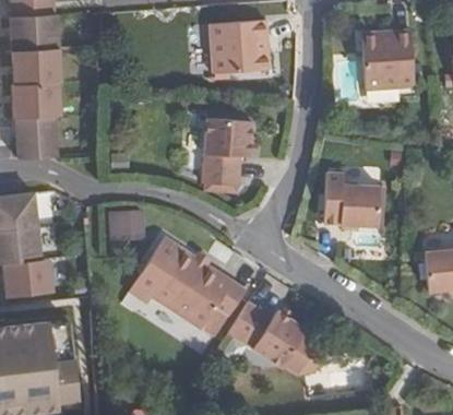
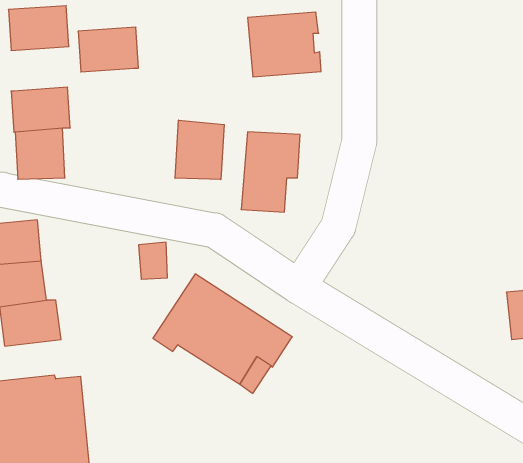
building: [361,29,415,90] -> none
building: [12,48,62,85] -> [78,27,138,72]
building: none -> [175,120,224,180]
building: [324,173,381,226] -> none
building: [229,301,323,374] -> none

